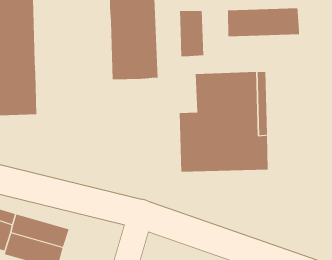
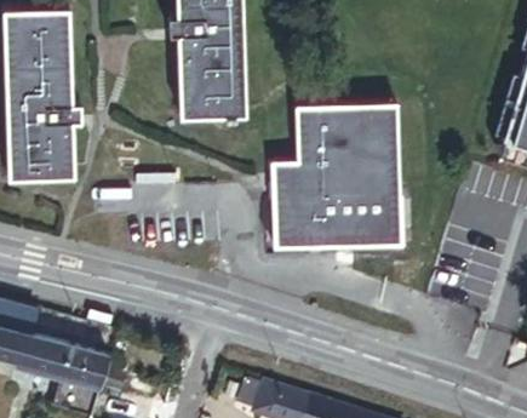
building: [227,8,299,37] -> none
building: [180,10,204,57] -> none

